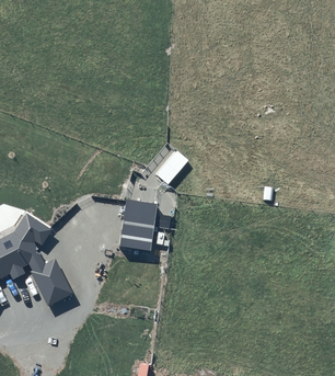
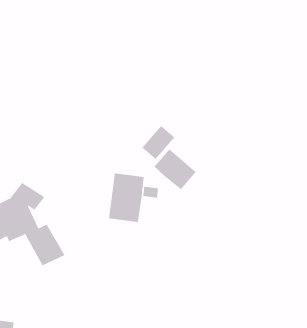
building: none -> [154,148,197,190]

